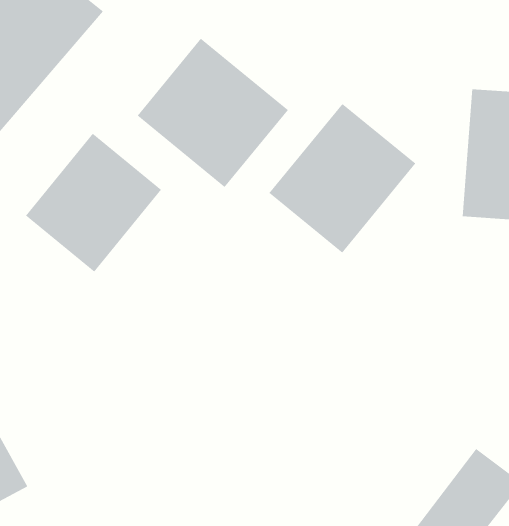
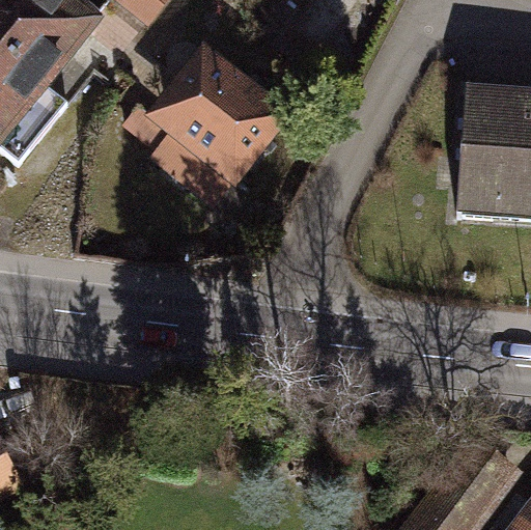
building: [269,103,416,254] -> none
building: [25,133,162,272] -> none

